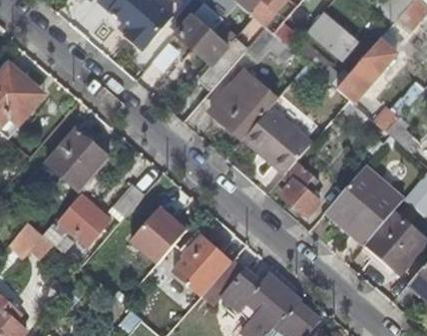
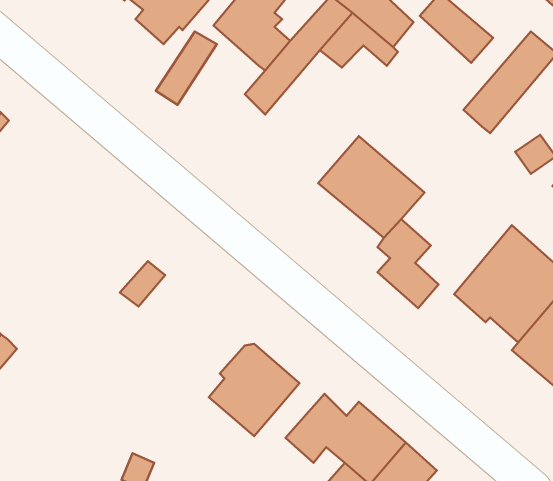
building: [208,70,275,138] -> none
building: [47,131,109,194] -> none
building: [54,198,110,247] -> none
building: [130,208,188,264] -> none

